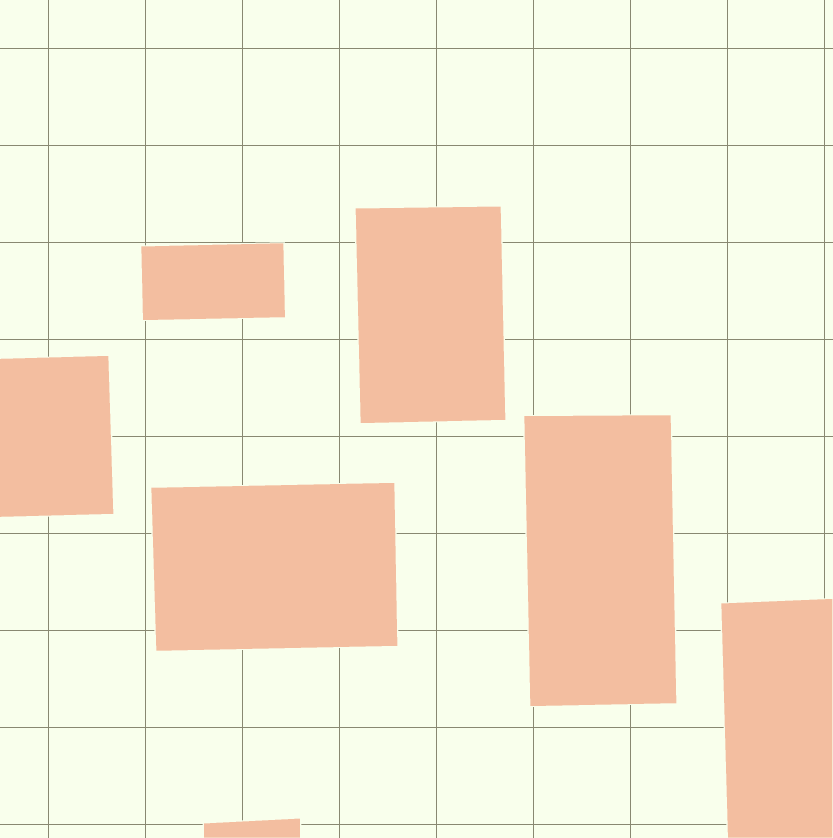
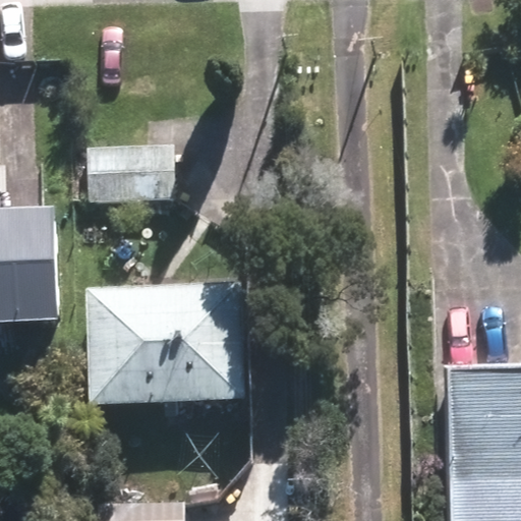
building: [355,206,506,424] -> none
building: [524,415,677,707] -> none

